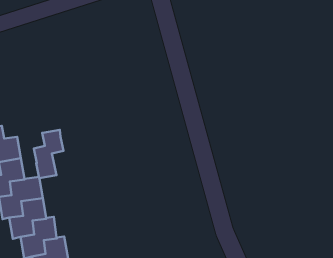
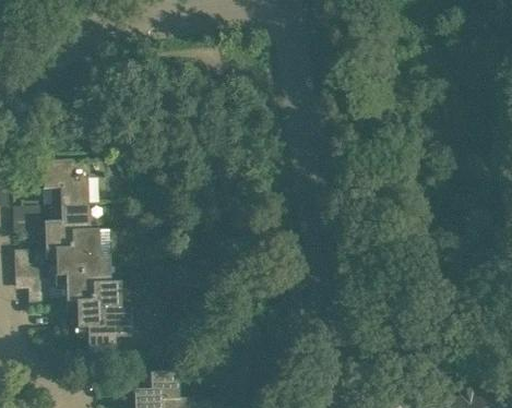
building: [34,130,63,178] -> none

